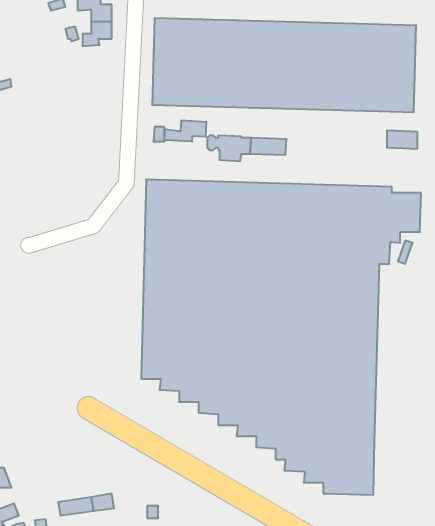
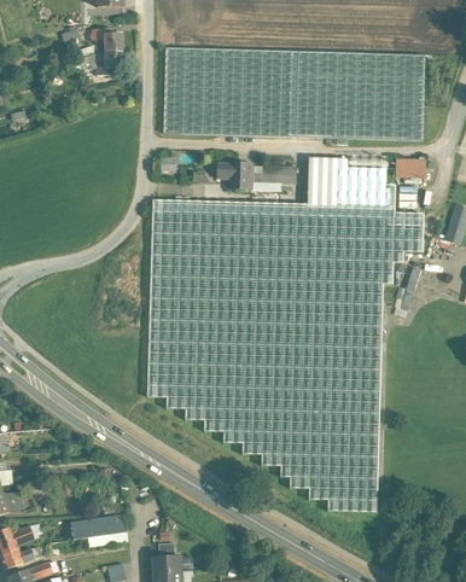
building: [164,120,206,142] -> none
building: none -> [309,163,397,213]

